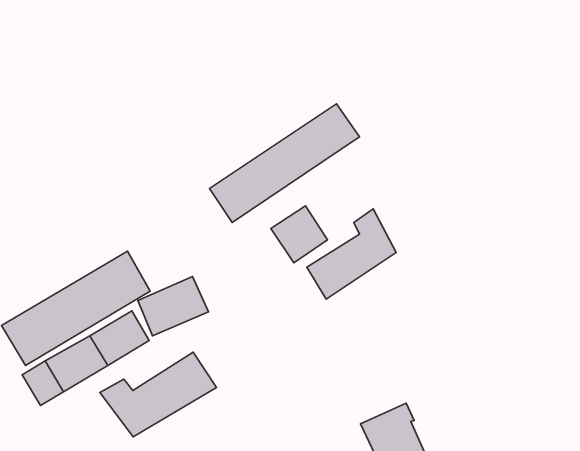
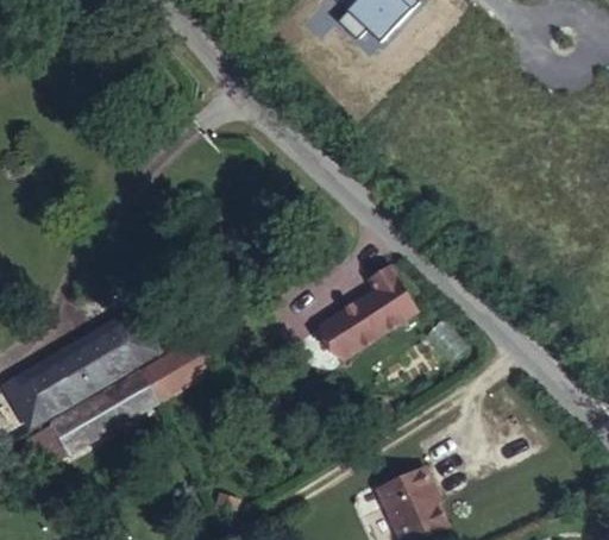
building: [210,104,360,223] -> none
building: [271,206,328,263] -> none
building: [100,352,216,437] -> none

